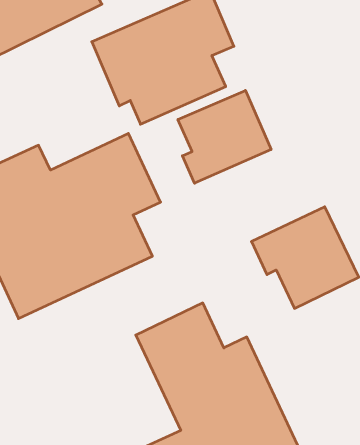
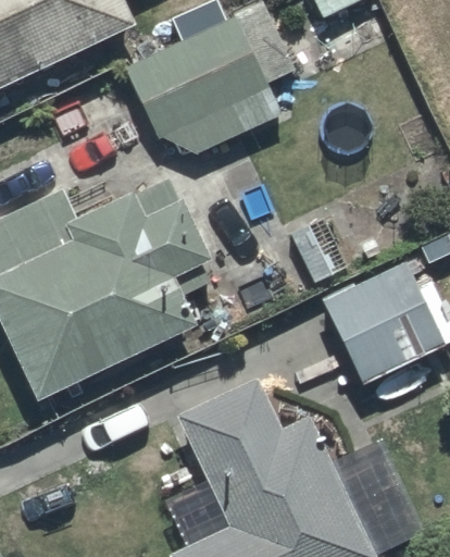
building: [178,90,271,183] -> none

